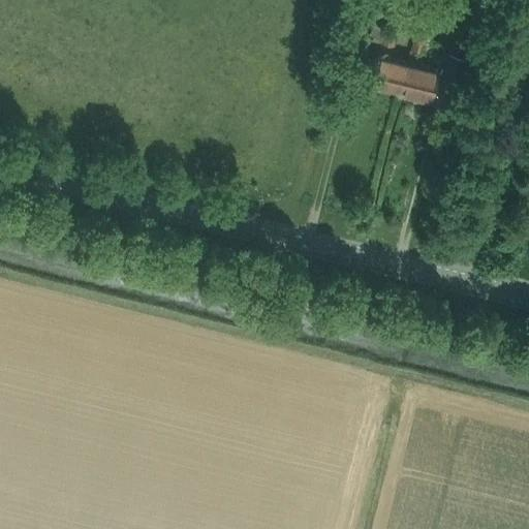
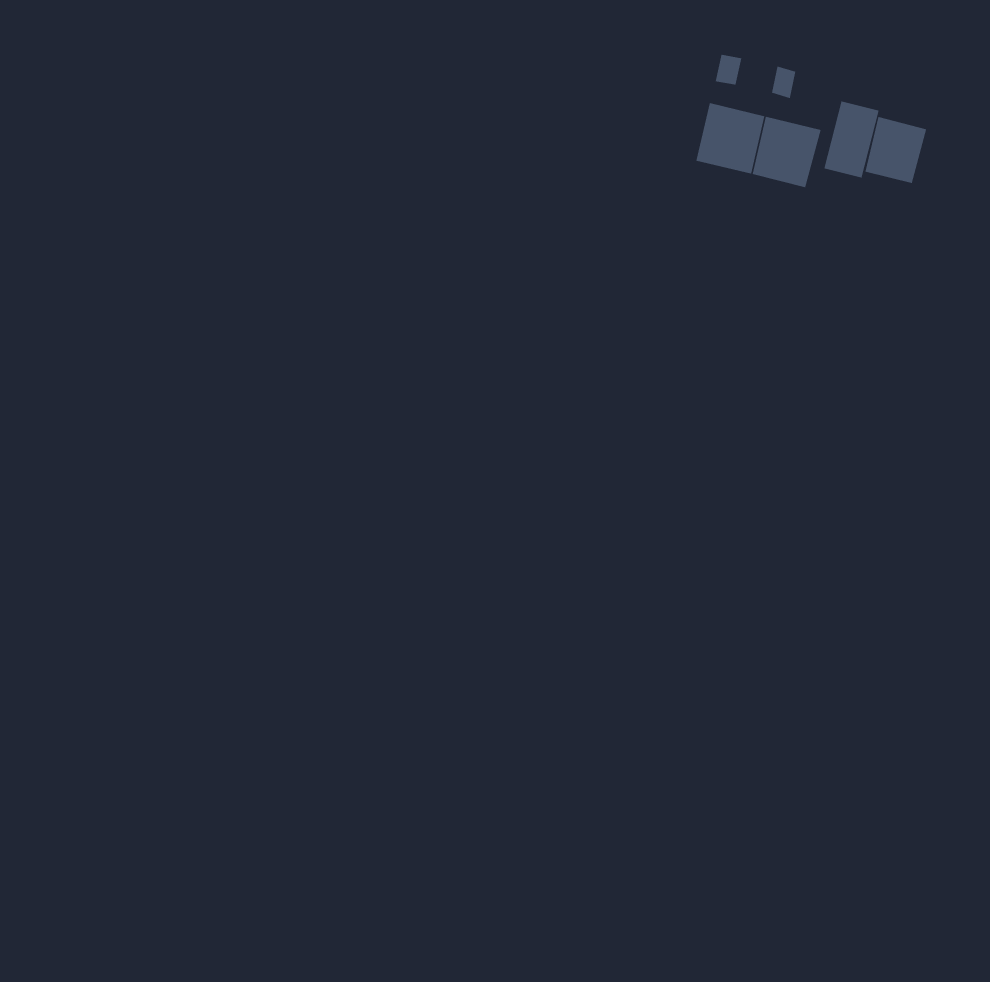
building: none -> [865,116,927,184]

